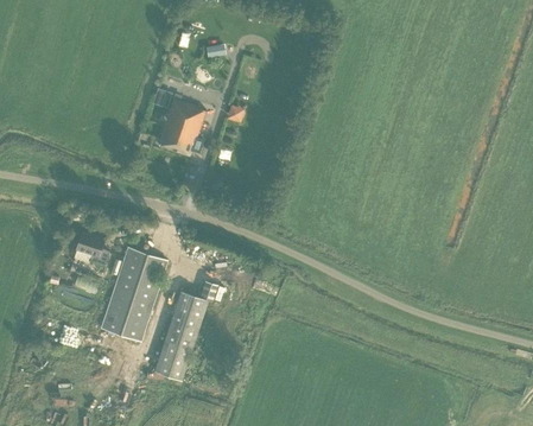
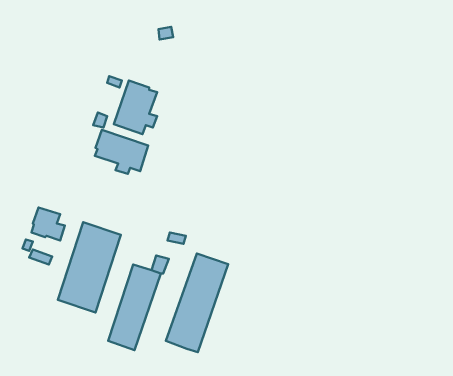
building: none -> [95,130,148,174]
building: none -> [166,254,228,352]

